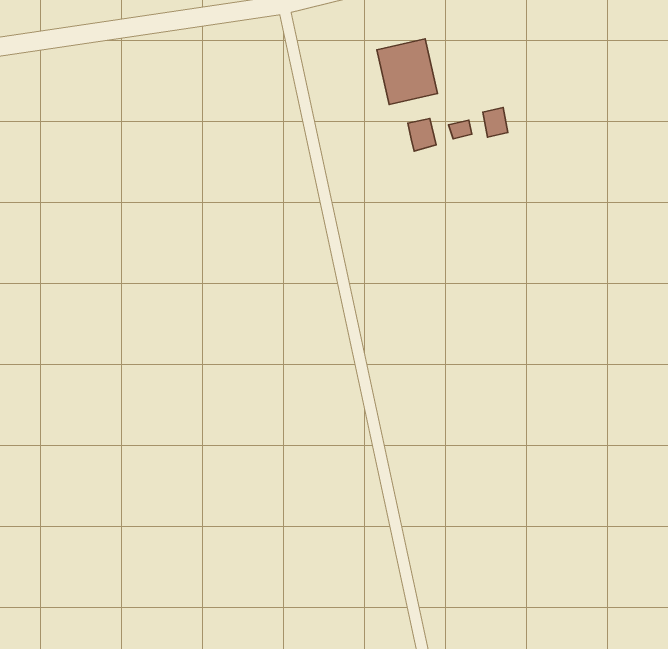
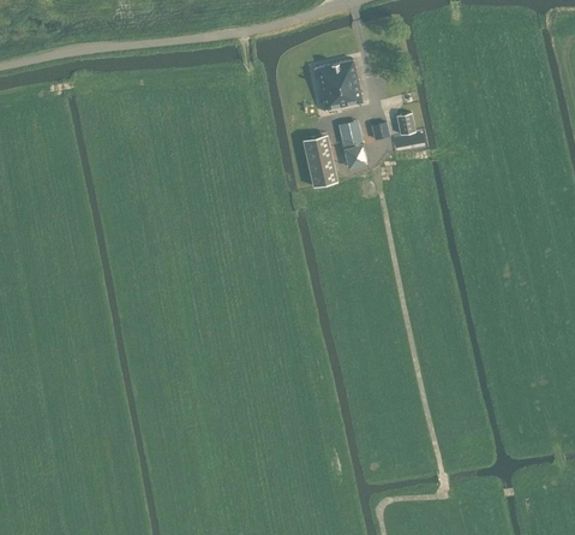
building: none -> [300,133,335,186]

